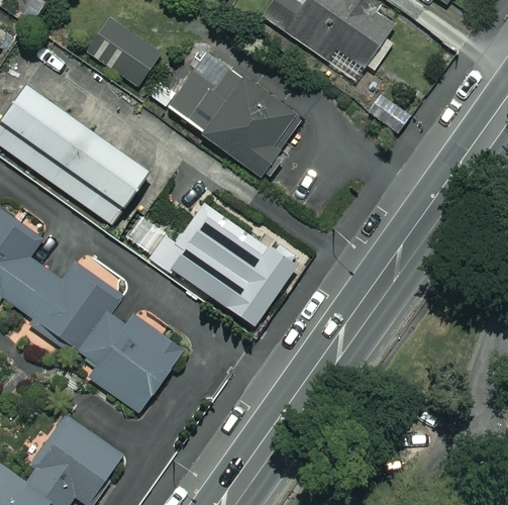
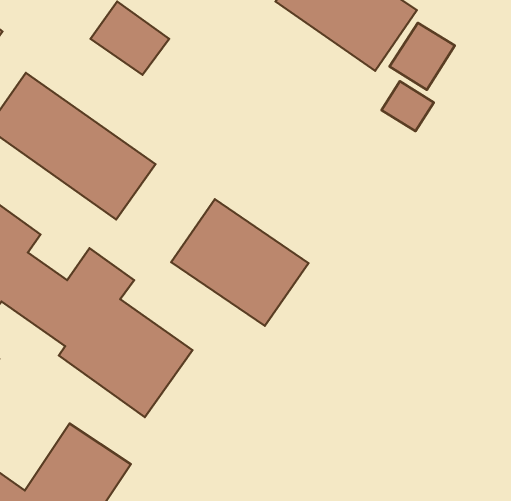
building: none -> [390,23,455,90]
building: [148,54,302,179] -> none

